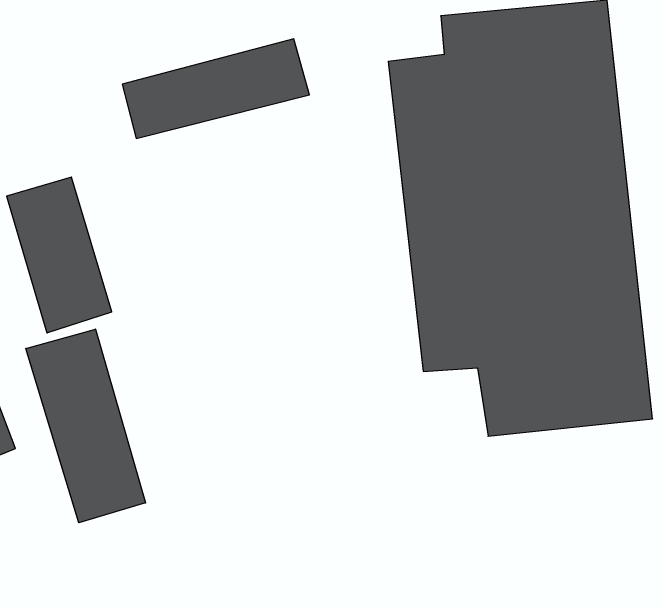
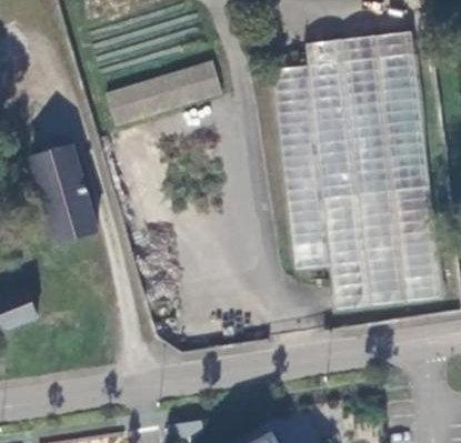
building: [26,329,146,523] -> none

